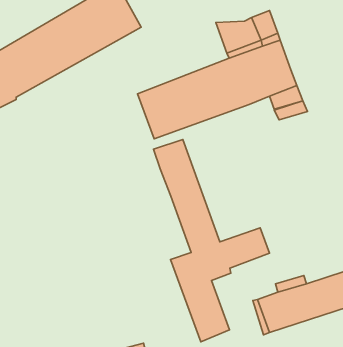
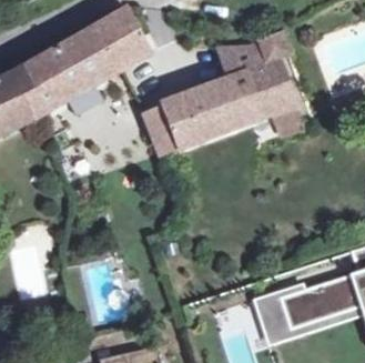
building: [153,140,269,342] -> none

